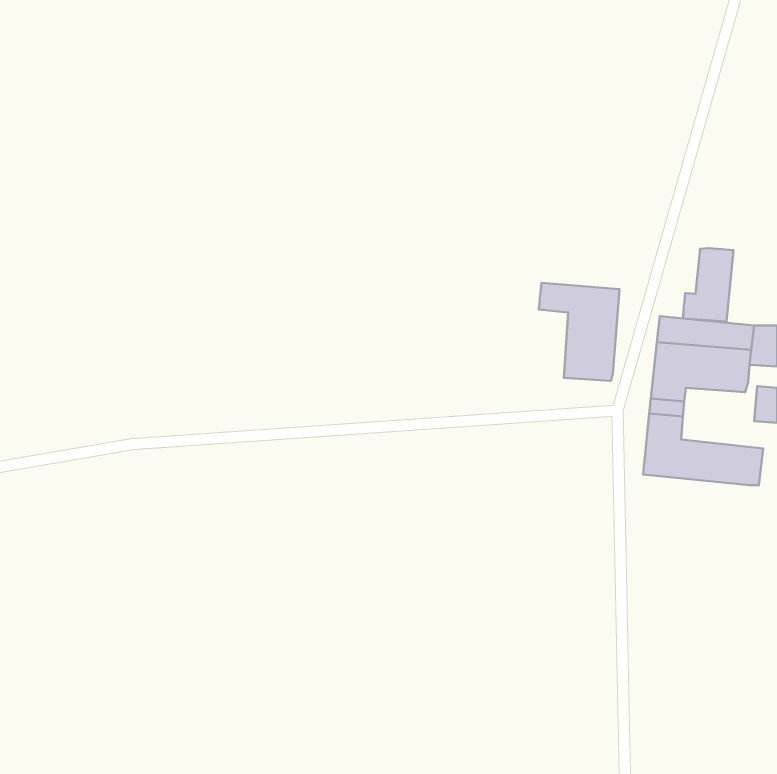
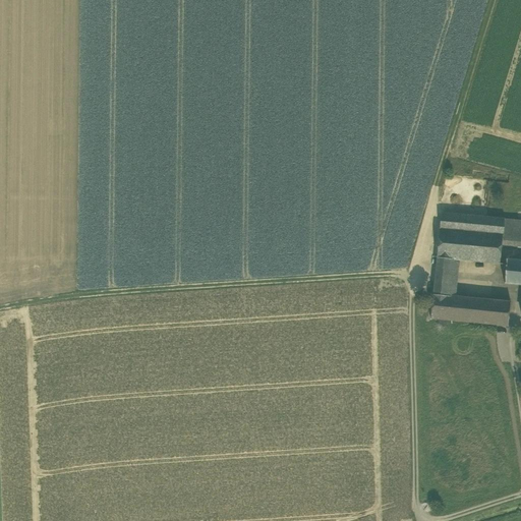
building: [683,248,733,322] -> none
building: [539,283,620,381] -> none

